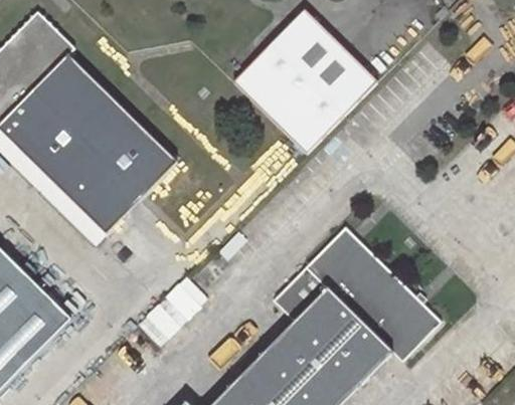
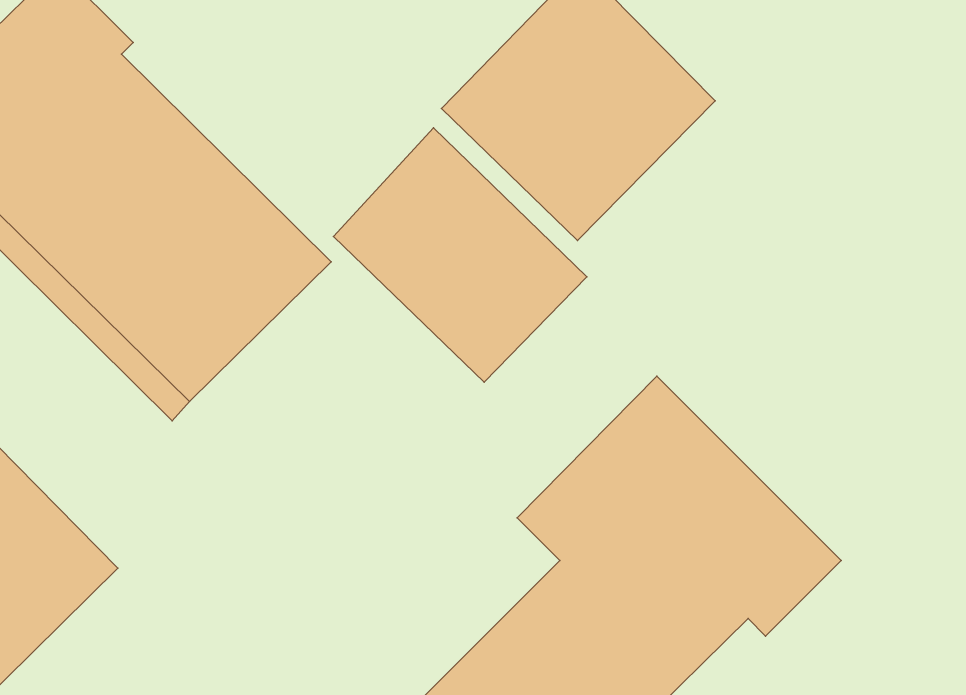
building: none -> [333,128,587,382]

